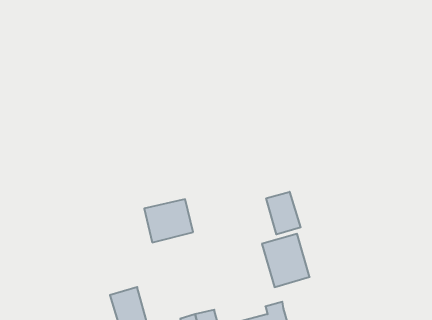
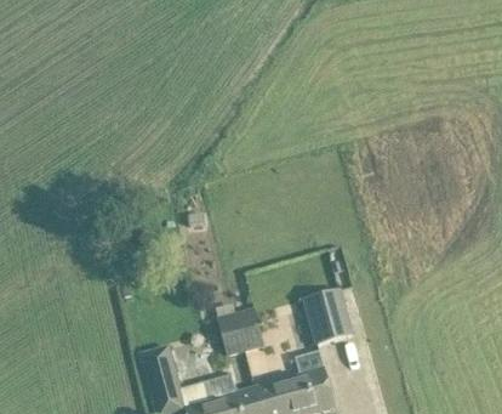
building: [266,192,301,234] -> none
building: [144,199,193,242] -> [217,310,269,356]

